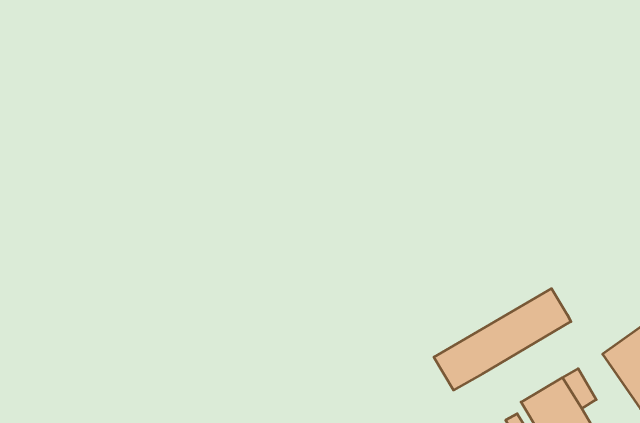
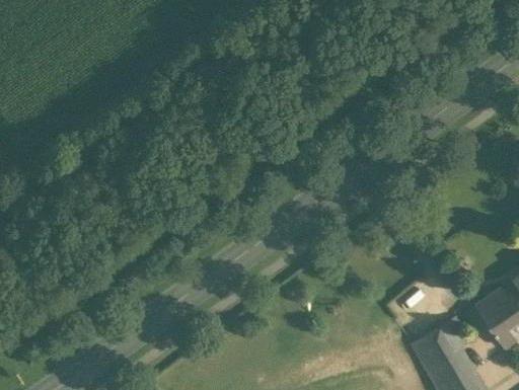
building: [434,289,571,390] -> none

